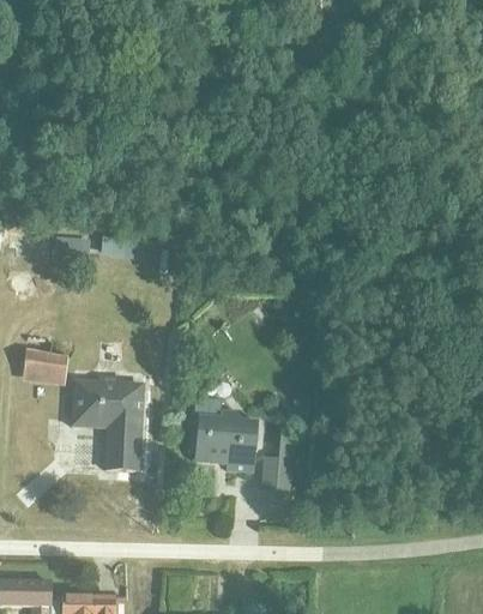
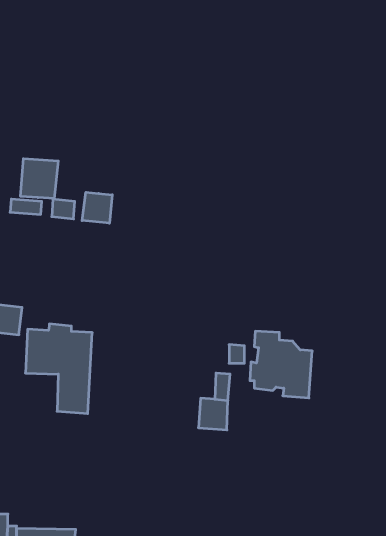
building: none -> [21,159,58,199]
building: none -> [82,192,112,223]
building: [189,398,258,471] -> [250,331,312,398]

